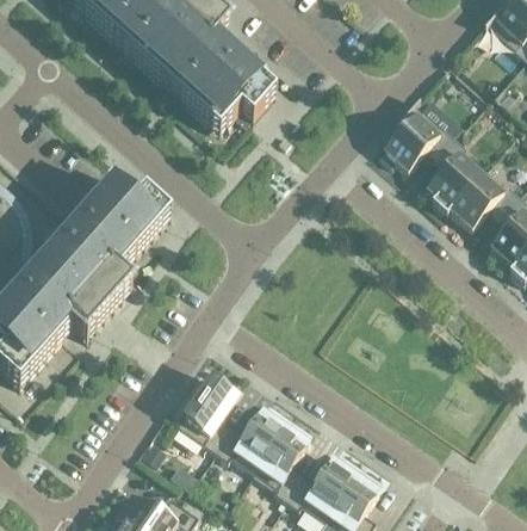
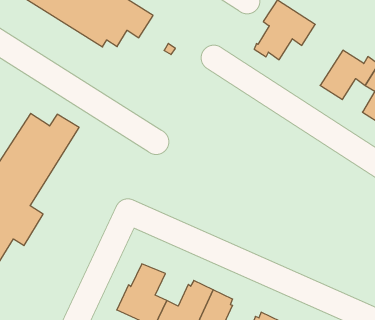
building: [426,136,479,211] -> none

